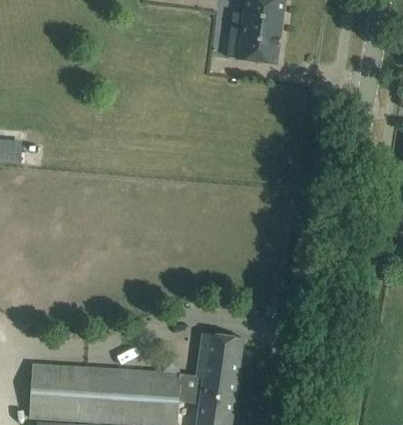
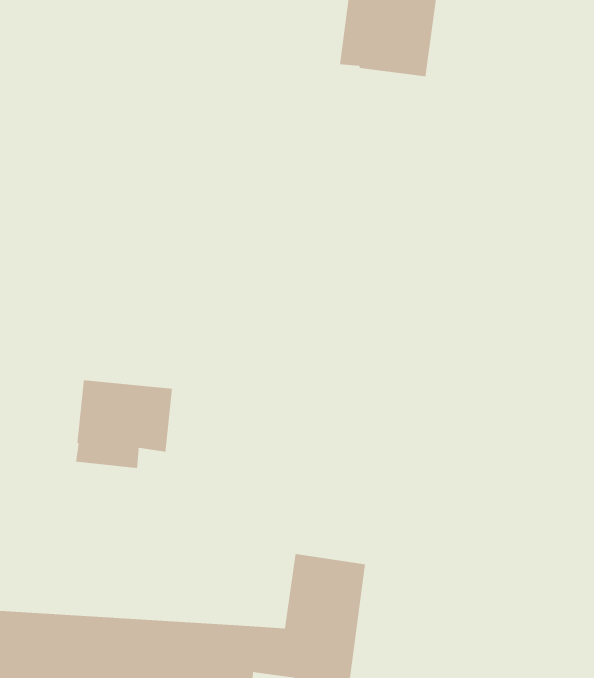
building: none -> [75,379,173,469]

